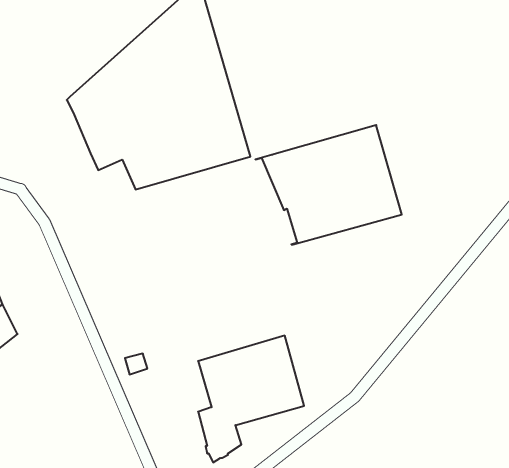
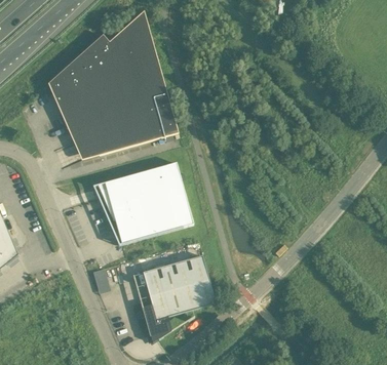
building: [255,125,402,244] -> [91,162,192,244]

